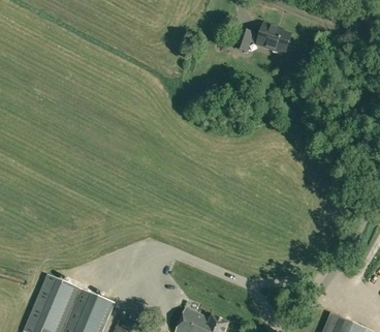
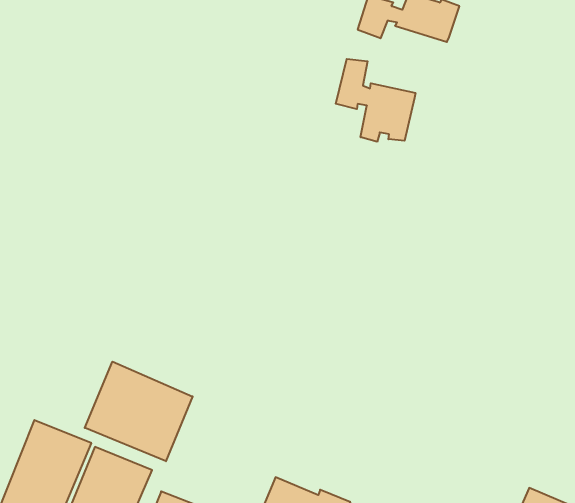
building: none -> [336,59,415,142]
building: none -> [85,362,193,461]

